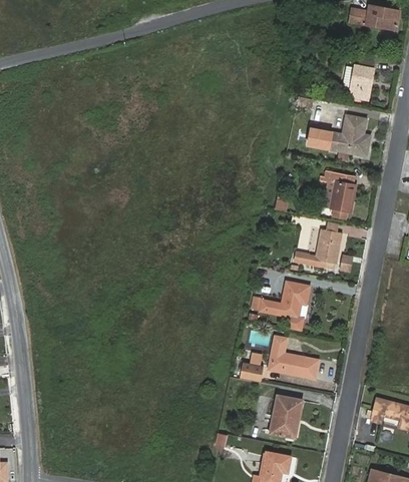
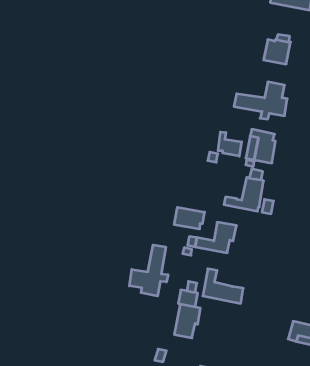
building: none -> [218,132,242,156]
building: none -> [174,207,205,229]
building: none -> [129,245,168,296]
building: [270,396,301,436] -> [174,304,200,338]

